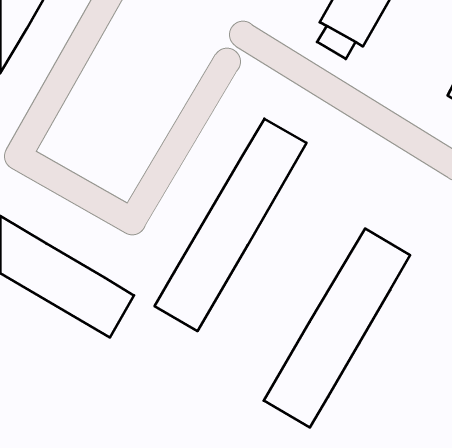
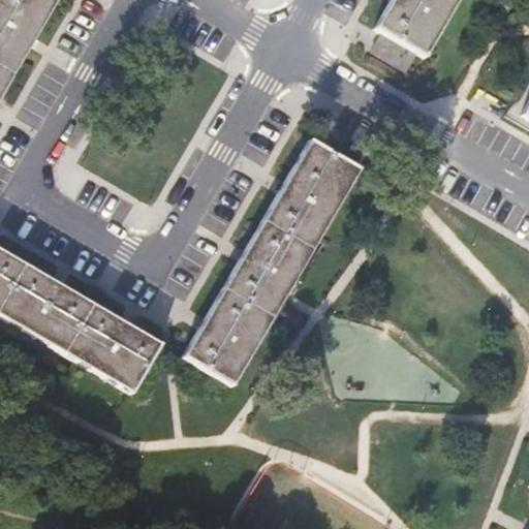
building: [264,229,410,427] -> none

